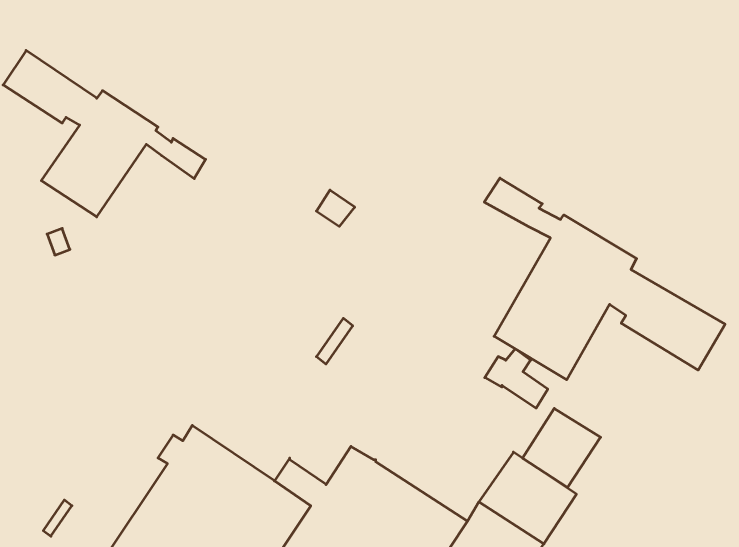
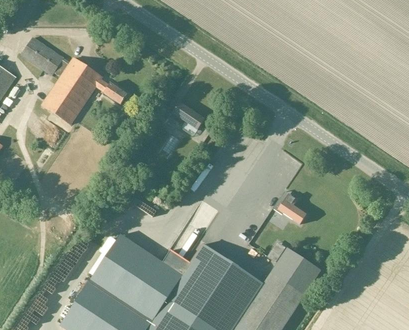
building: none -> [162,102,192,127]
building: [484,178,725,380] -> none
building: [523,408,601,488] -> none

